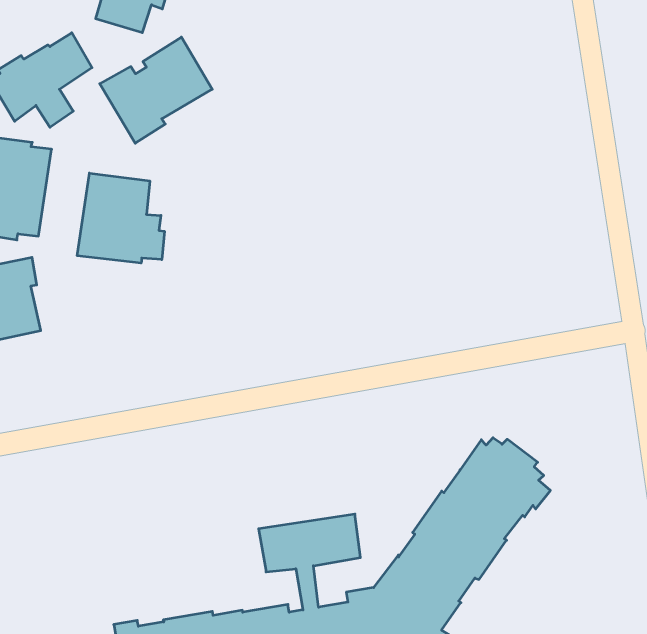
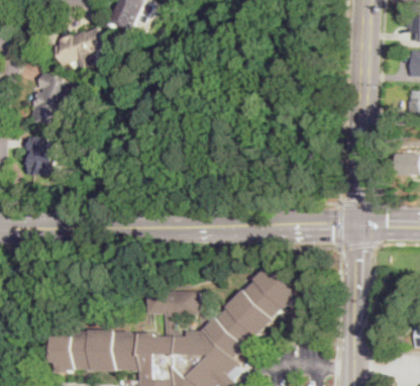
building: [100,37,212,143] -> none
building: [77,173,164,263] -> none

